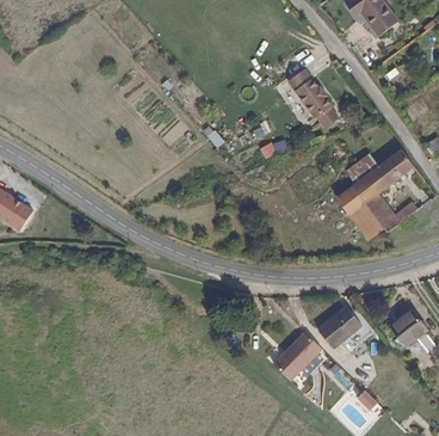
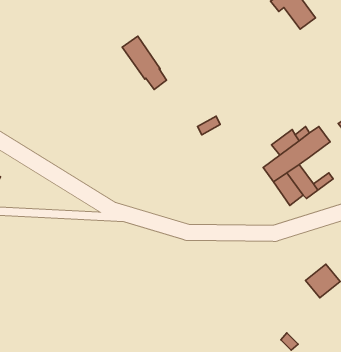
building: [289,67,340,129] -> [122,36,166,89]
building: [317,303,363,348] -> none
building: [274,332,323,380] -> none

